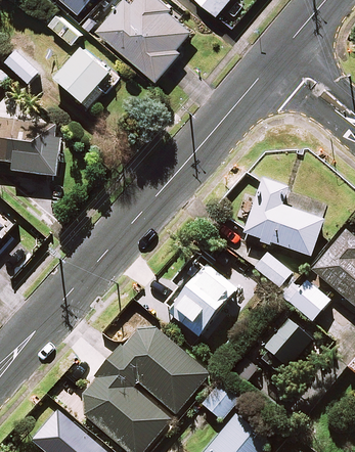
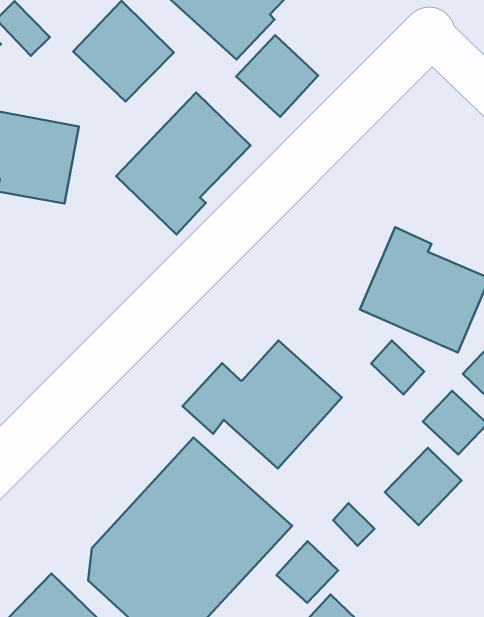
building: none -> [236,35,318,117]
building: none -> [116,92,251,235]

